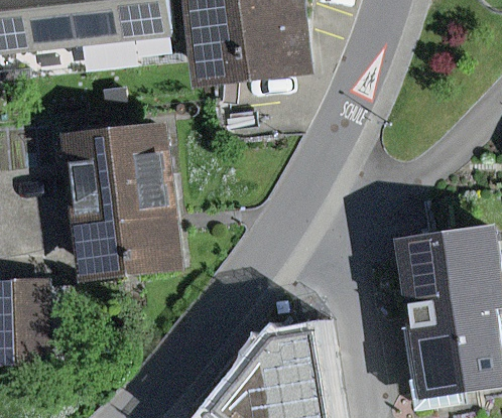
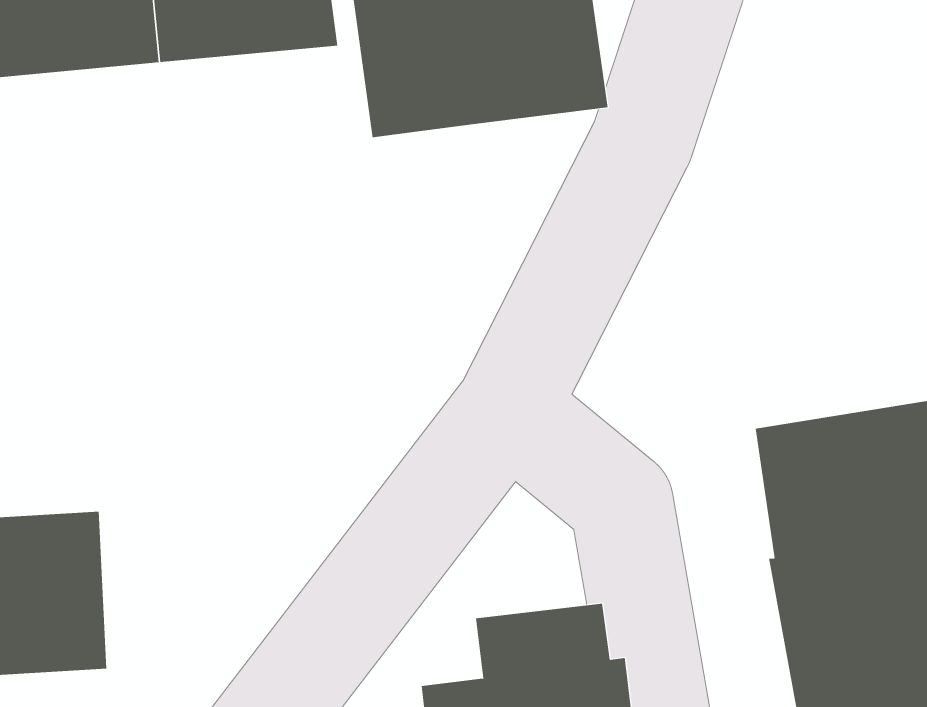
building: [64,122,184,278] -> none

